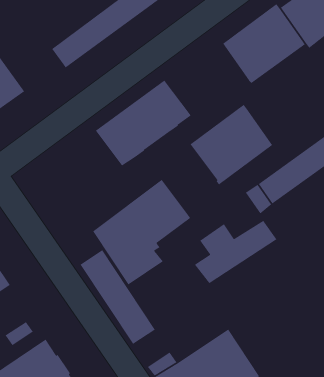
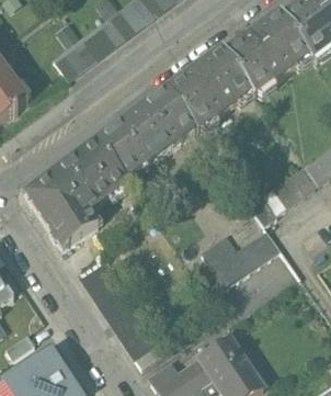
building: [189,104,273,185] -> [168,46,252,128]
building: [92,179,191,286] -> [27,138,127,246]

